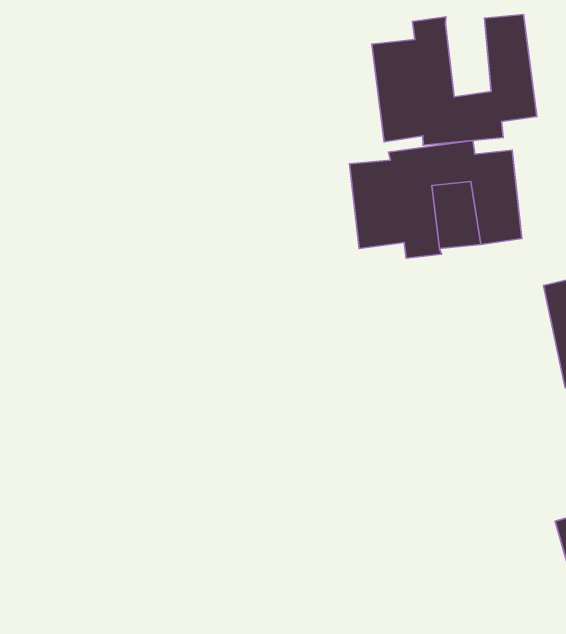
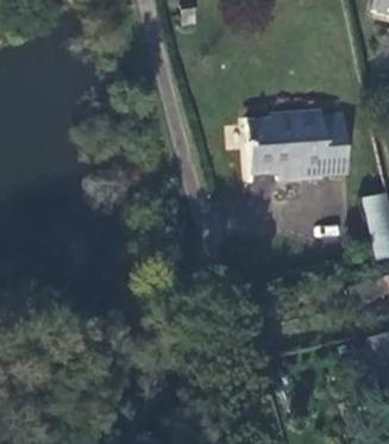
building: [372,15,537,145] -> none

